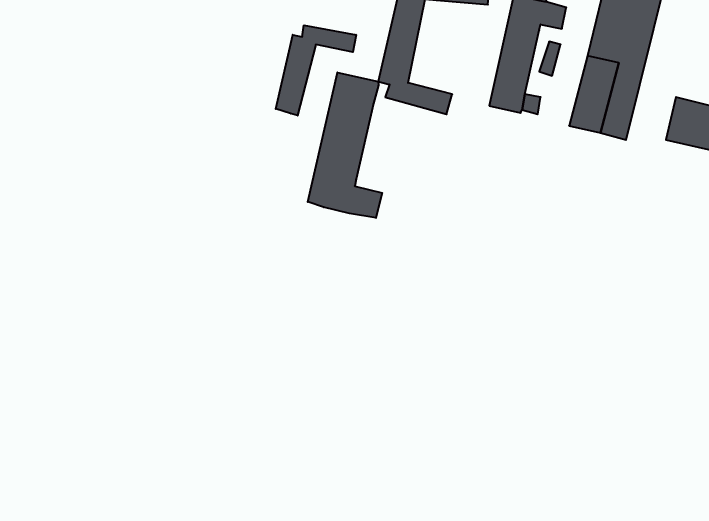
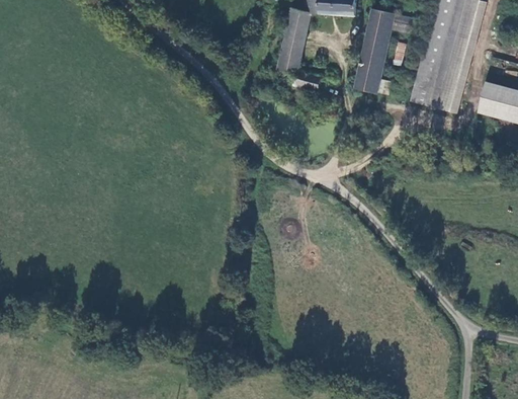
building: [276,25,356,116] -> none
building: [308,72,382,218] -> none

